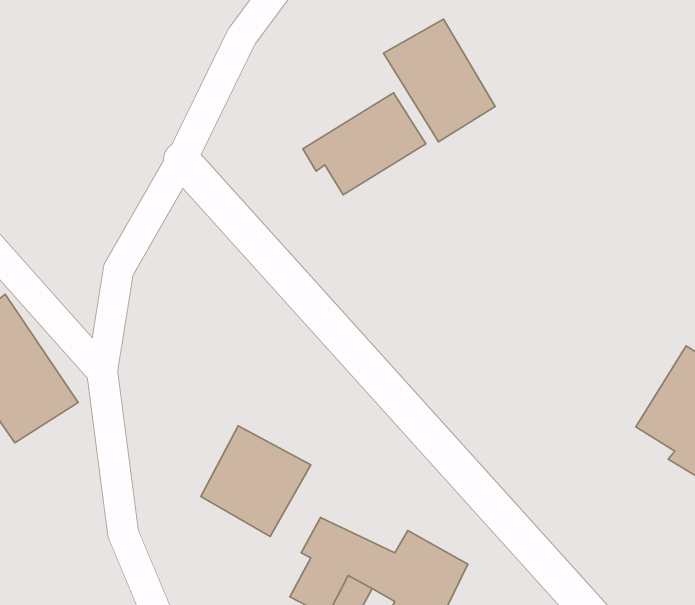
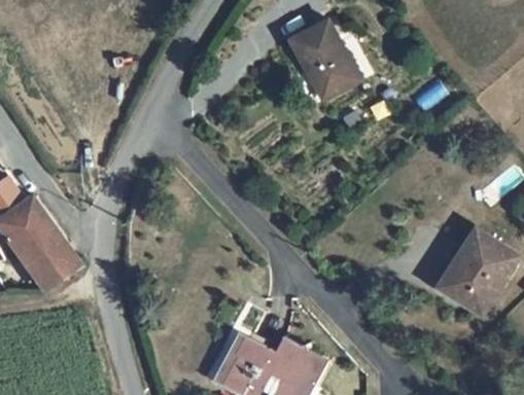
building: [303,93,426,195] -> none
building: [201,426,311,536] -> none

